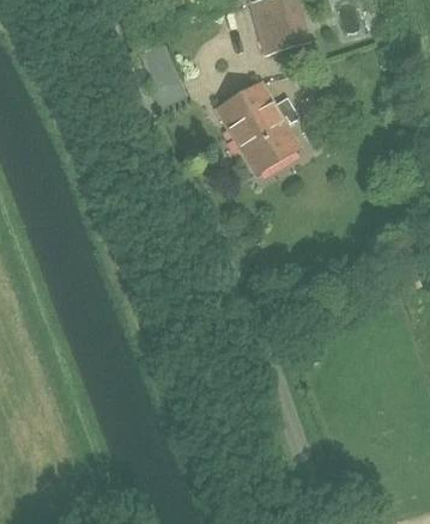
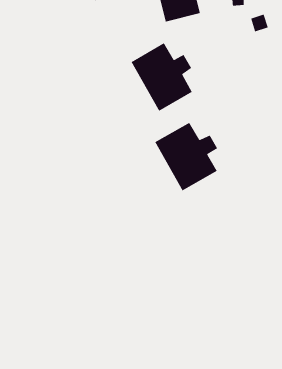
building: none -> [154,122,218,191]

